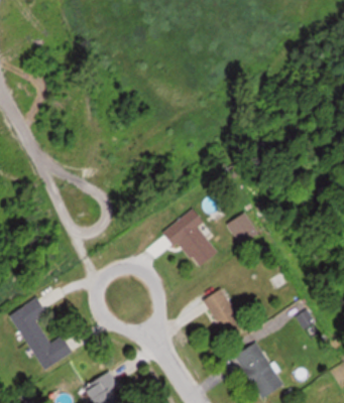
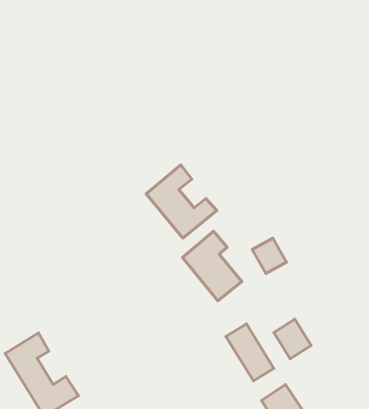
building: none -> [146,165,217,238]
building: none -> [274,319,311,359]

